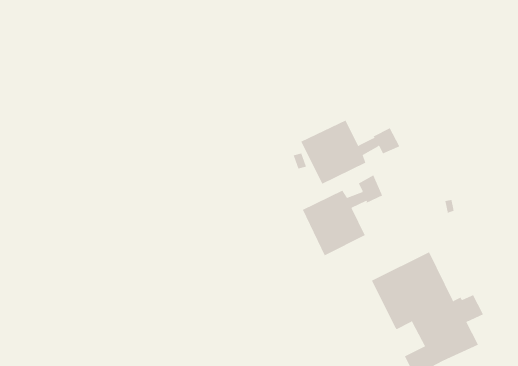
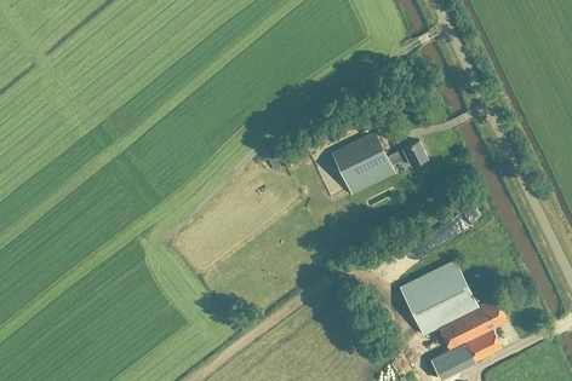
building: [302,175,383,256] -> none

